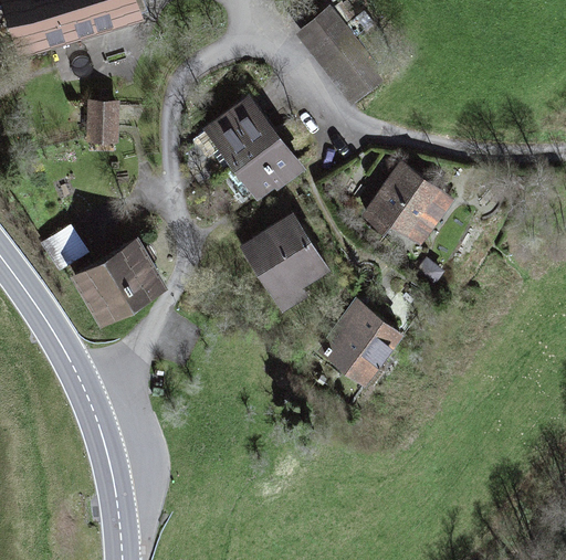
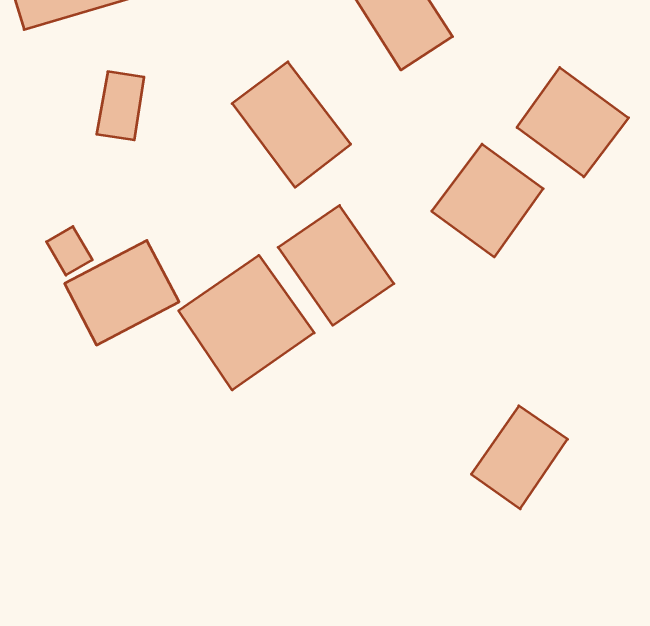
building: none -> [517,67,629,177]
building: none -> [179,255,314,390]
building: [319,295,396,377] -> [471,406,568,509]

